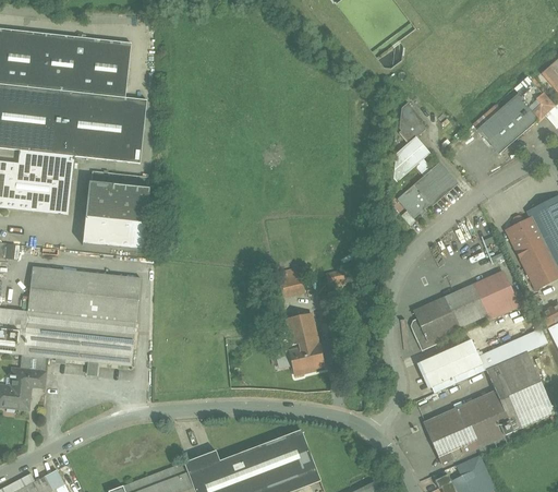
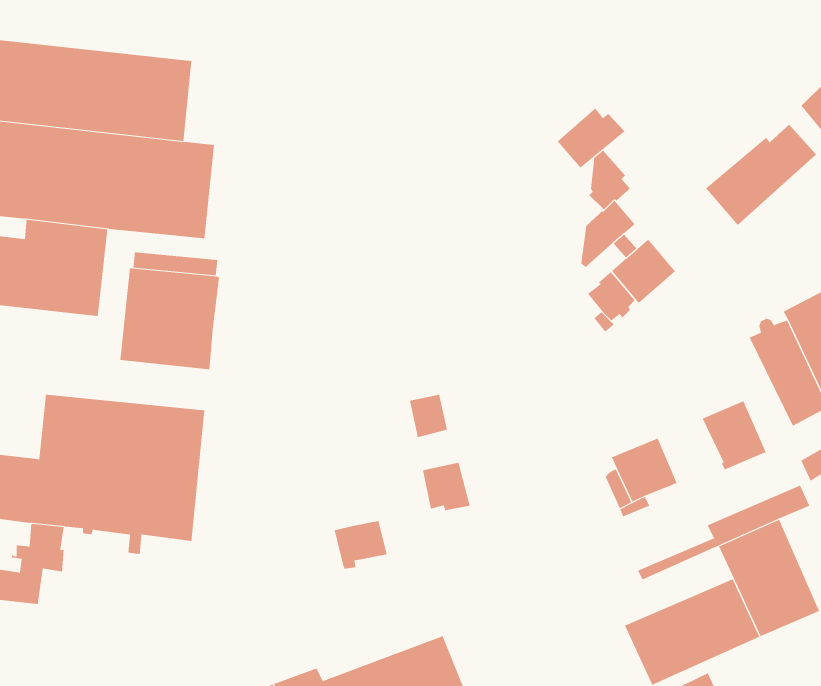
building: none -> [557,107,625,168]
building: [445,284,488,327] -> none
building: [416,339,482,387] -> none
building: [288,343,324,375] -> [334,520,387,569]

